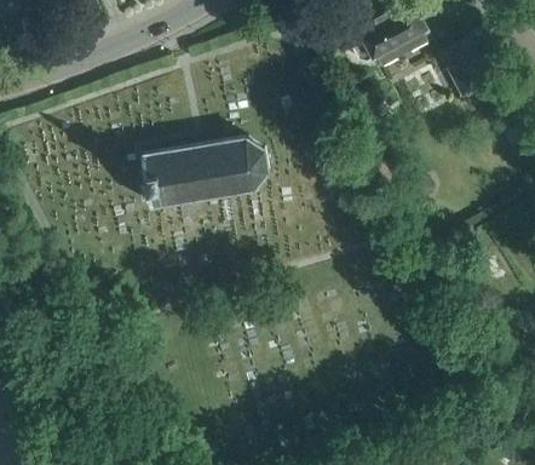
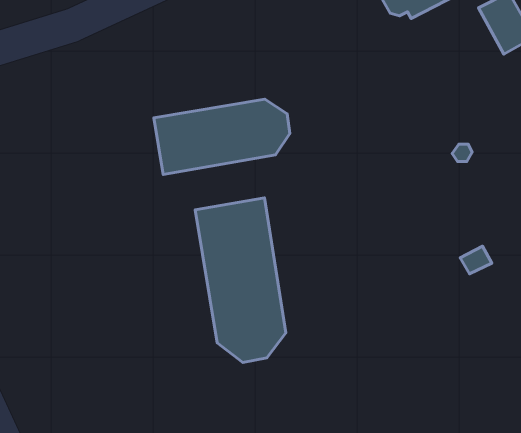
building: none -> [195,198,286,363]

